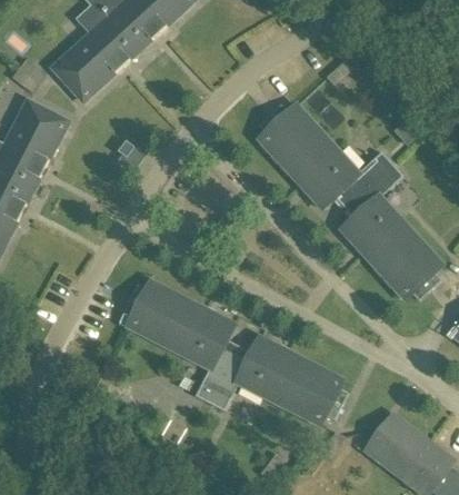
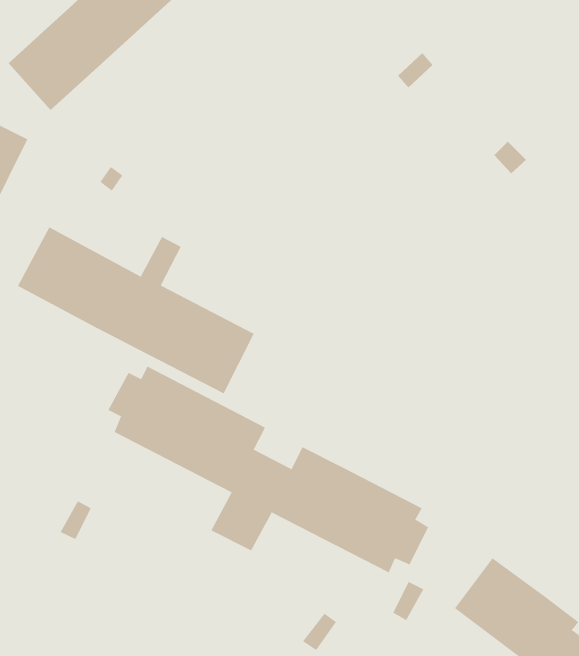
building: [258,103,442,299] -> none
building: none -> [17,227,255,394]

